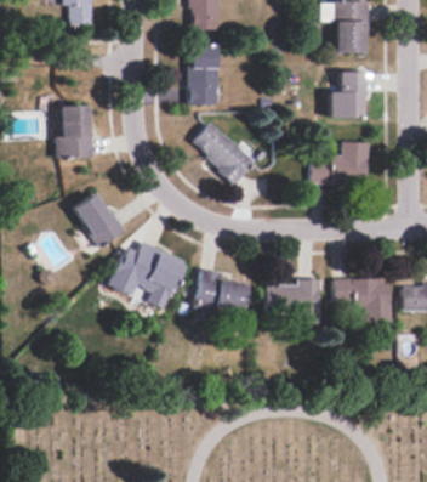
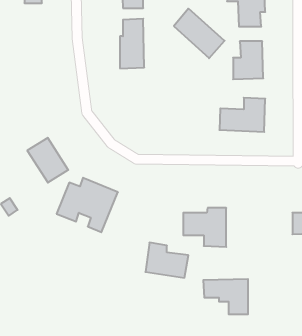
building: [56,103,92,158] -> none
building: [192,120,255,182] -> [174,9,225,58]
building: [195,268,249,312] -> [145,243,188,278]
building: [334,278,389,322] -> [203,279,248,314]

